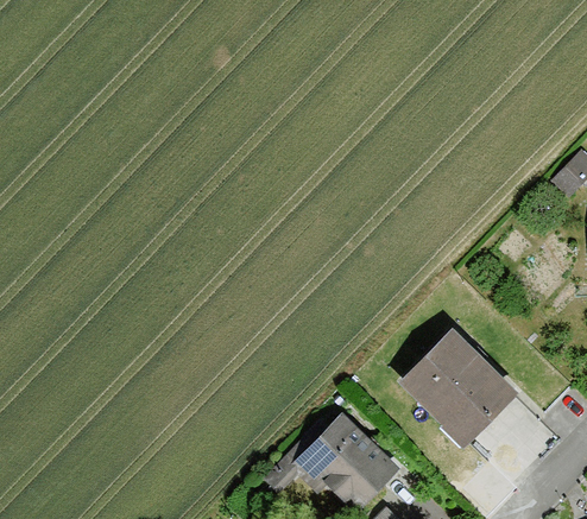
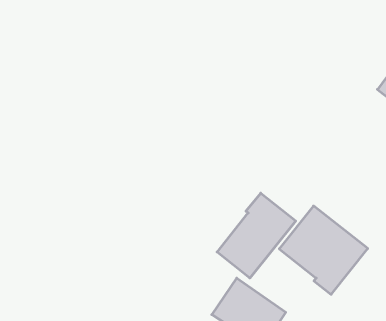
building: none -> [217,193,296,278]

